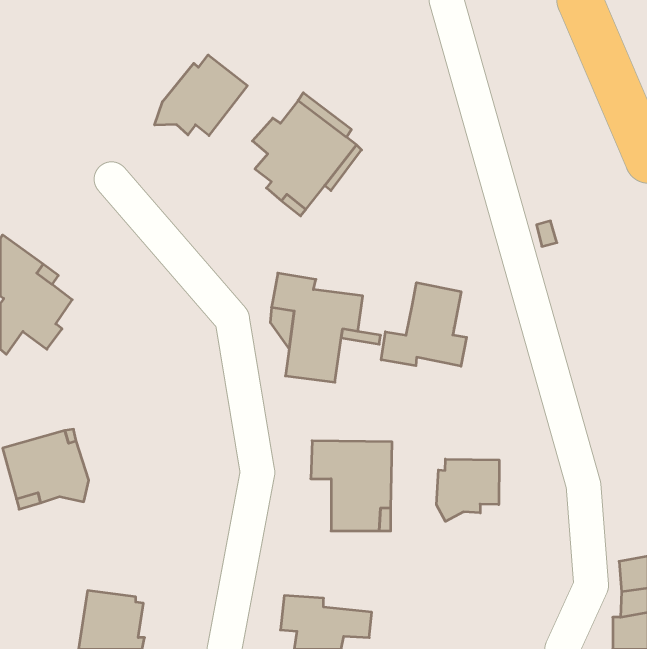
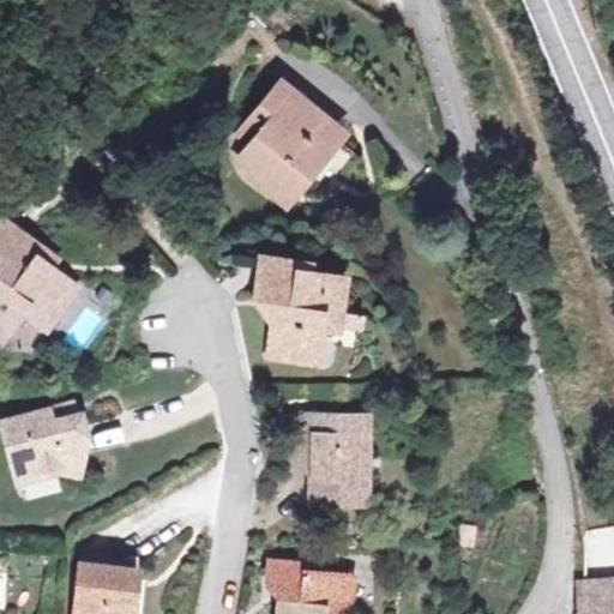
building: [155,55,247,136] -> none
building: [381,283,467,366] -> none
building: [437,459,499,521] -> none

